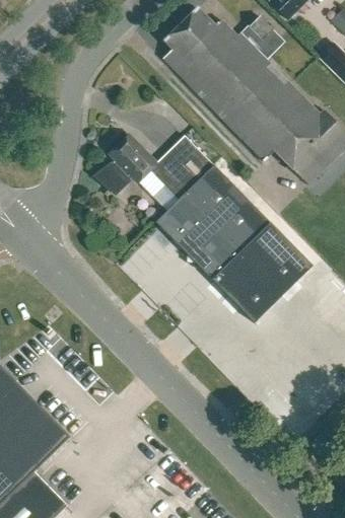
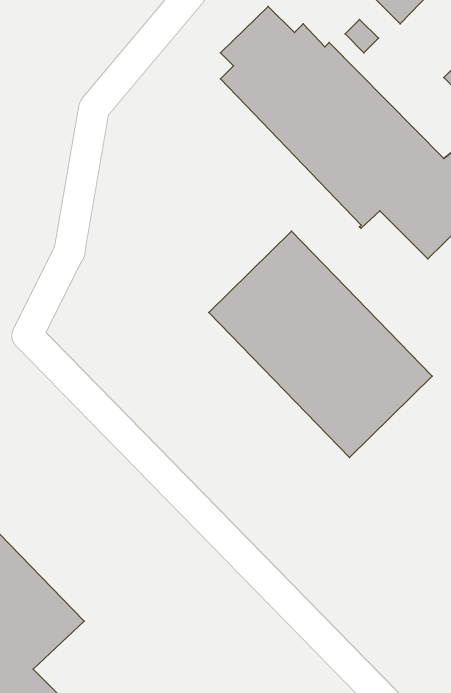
building: [100,134,212,199] -> none

